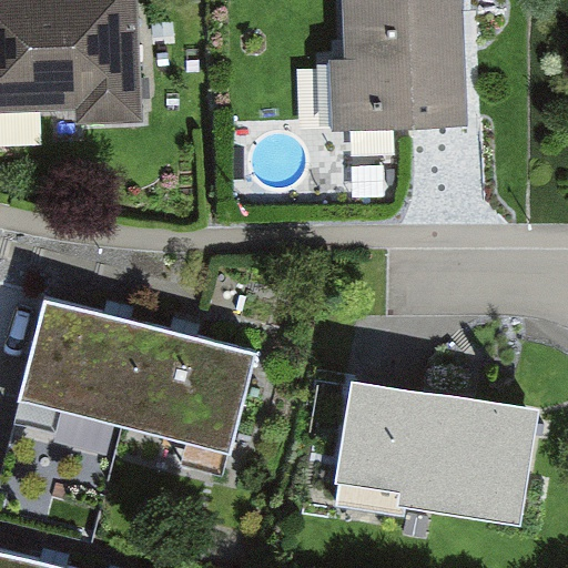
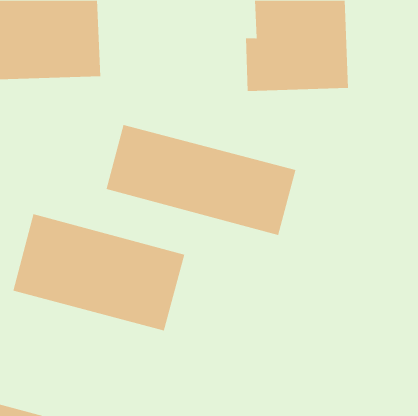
building: none -> [106,124,296,236]
building: [336,381,530,531] -> none

